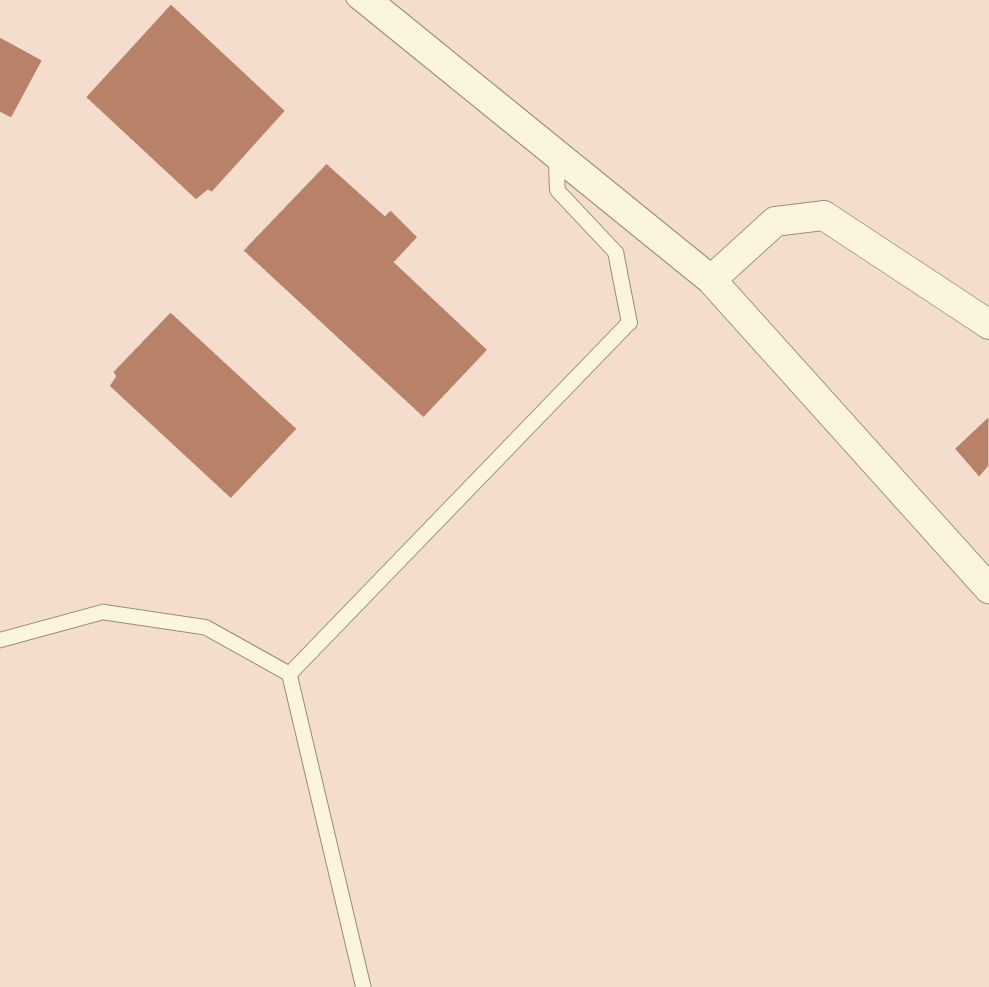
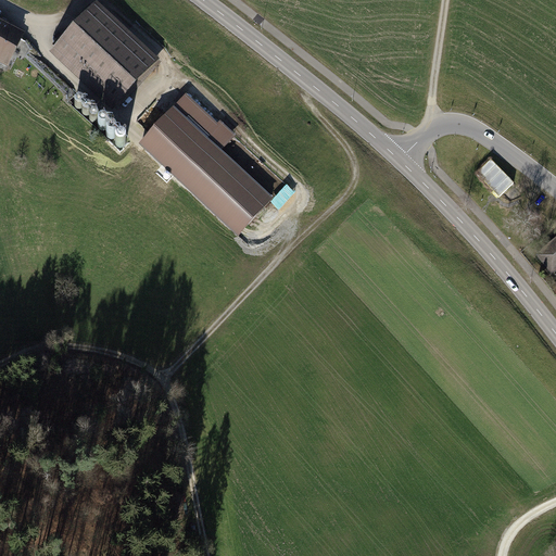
building: none -> [475,156,513,195]
building: [109,312,297,499] -> none

